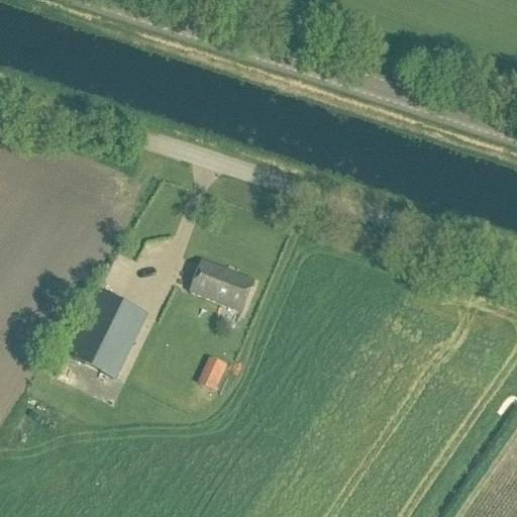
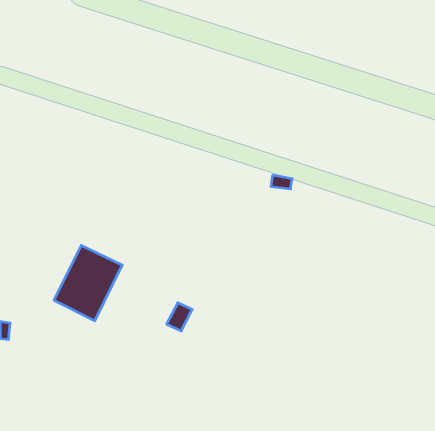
building: [192,258,253,308] -> none

